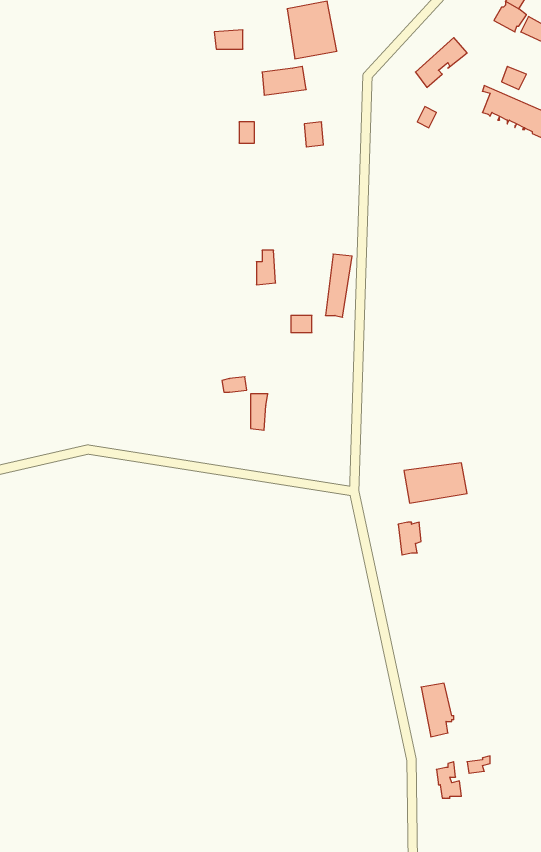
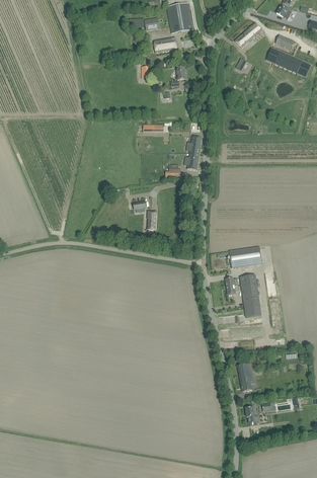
building: none -> [240,273,261,316]

